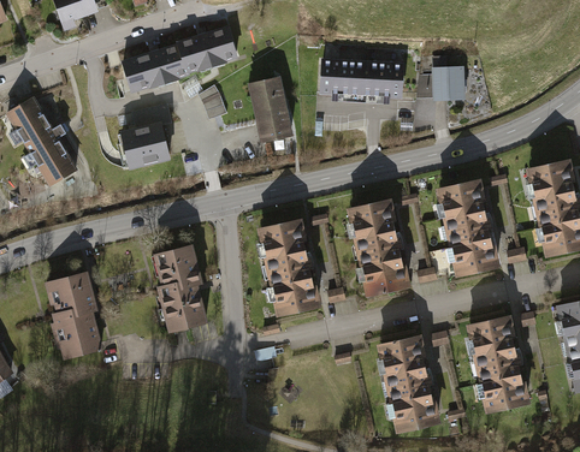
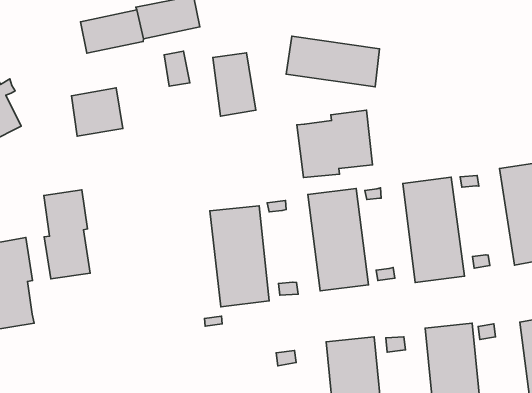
building: [433,55,467,97] -> none
building: none -> [297,110,373,177]
building: [156,245,206,331] -> [44,190,90,279]

